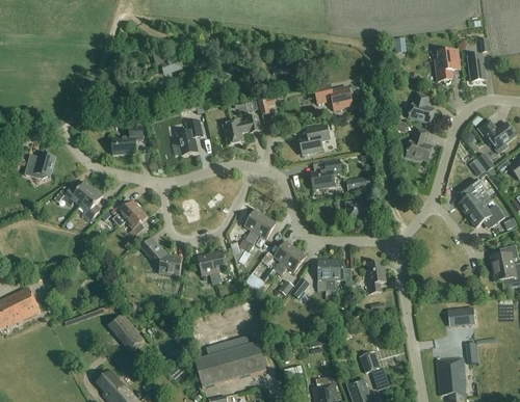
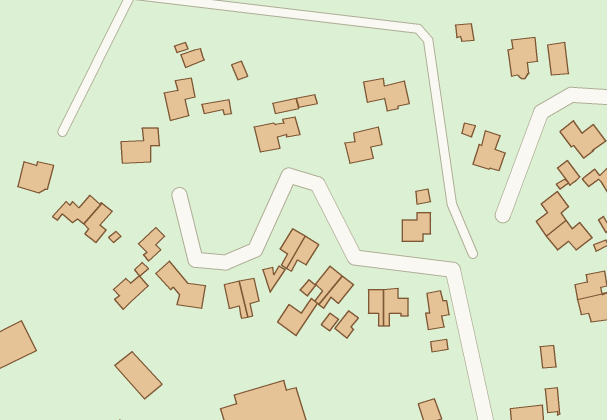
building: [409,91,434,123] -> none
building: [177,119,203,155] -> [164,78,195,120]
building: [310,159,342,189] -> none
building: [111,199,140,227] -> [113,276,148,309]

